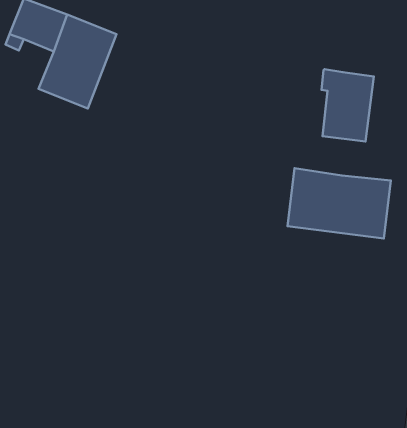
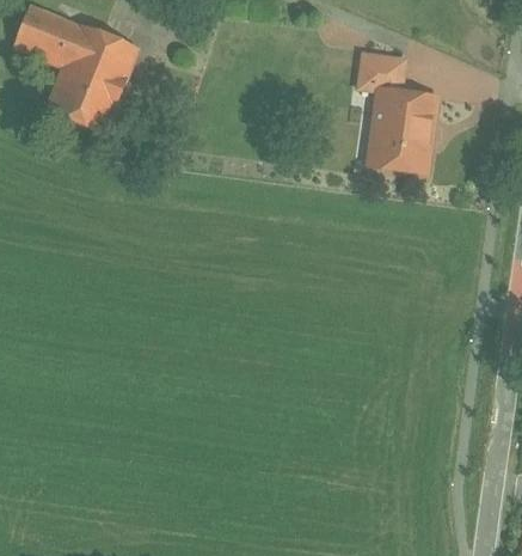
building: none -> [358,50,405,90]
building: [287,168,391,238] -> none

